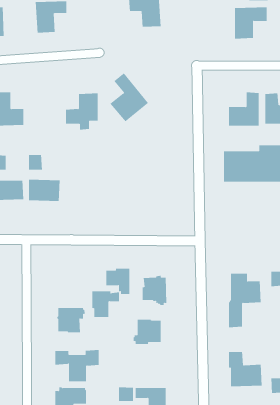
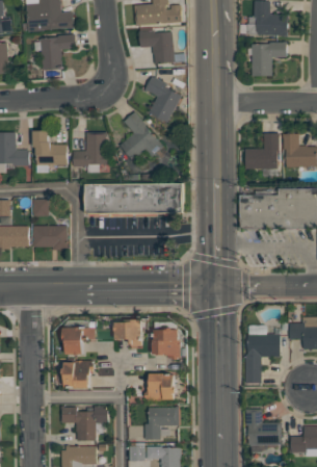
building: none -> [144,77,182,123]
building: none -> [34,130,68,165]
building: none -> [85,182,183,214]
building: [92,291,120,317] -> [64,326,95,354]
building: none -> [144,406,179,439]

